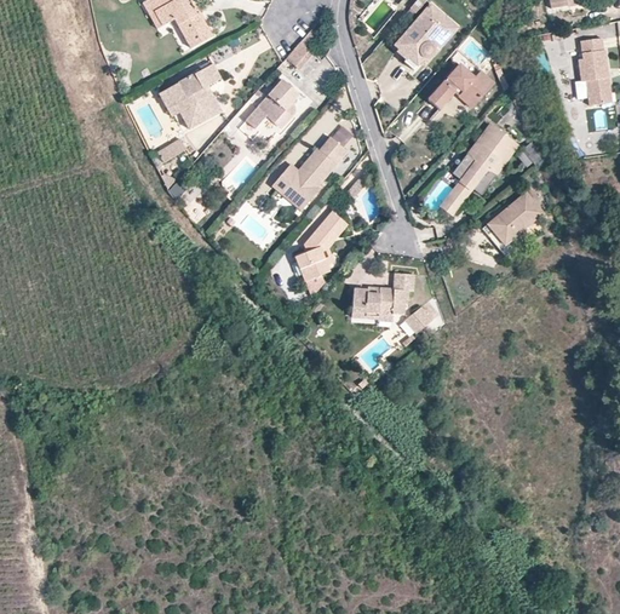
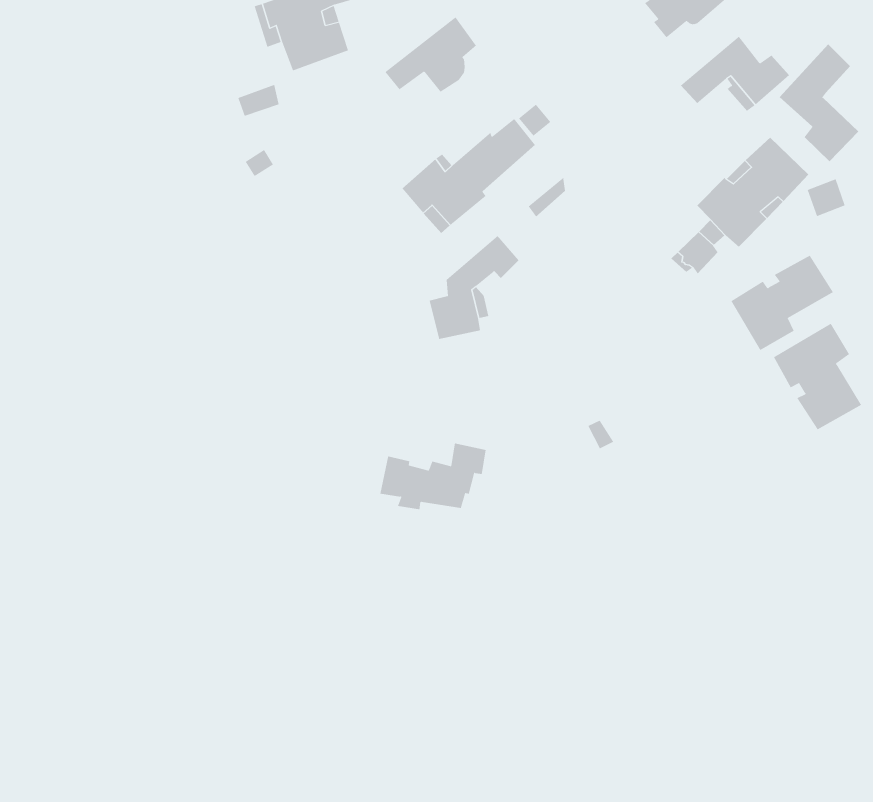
building: none -> [779,44,859,162]
building: none -> [773,323,862,430]
building: [351,272,413,317] -> [379,443,486,510]

